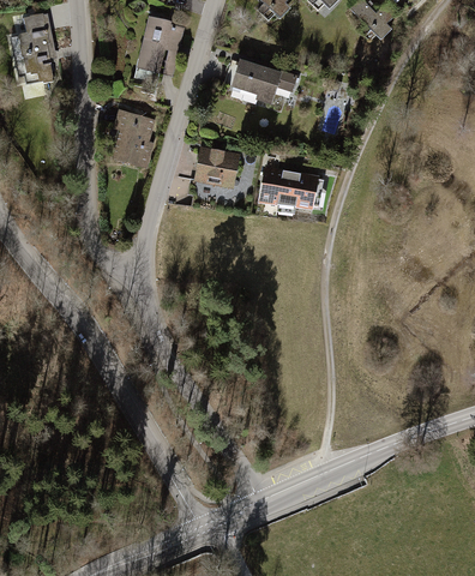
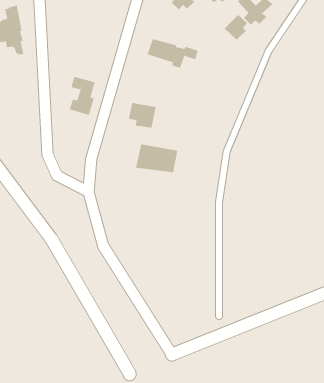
building: [133,16,185,86] -> none
building: none -> [224,14,248,41]
building: [259,167,319,208] -> [135,144,178,173]

